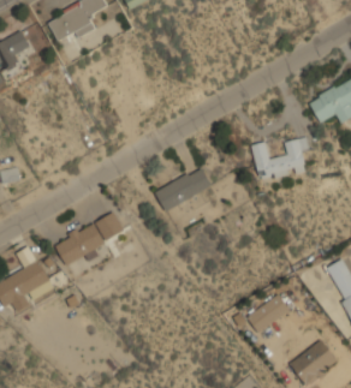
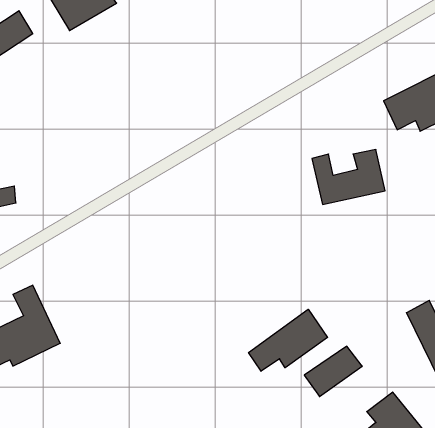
building: [155,166,212,211] -> none
building: [53,211,125,264] -> none
building: none -> [249,309,328,371]

